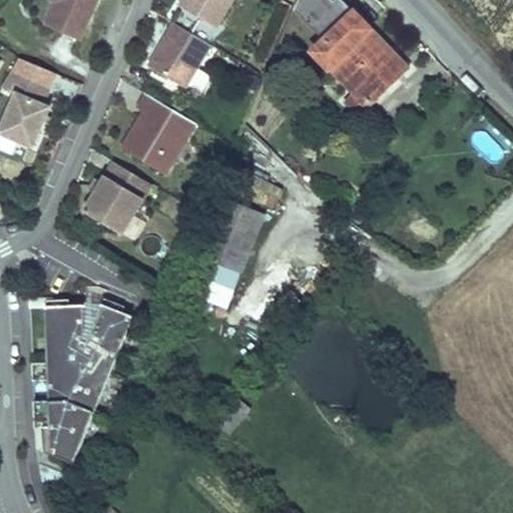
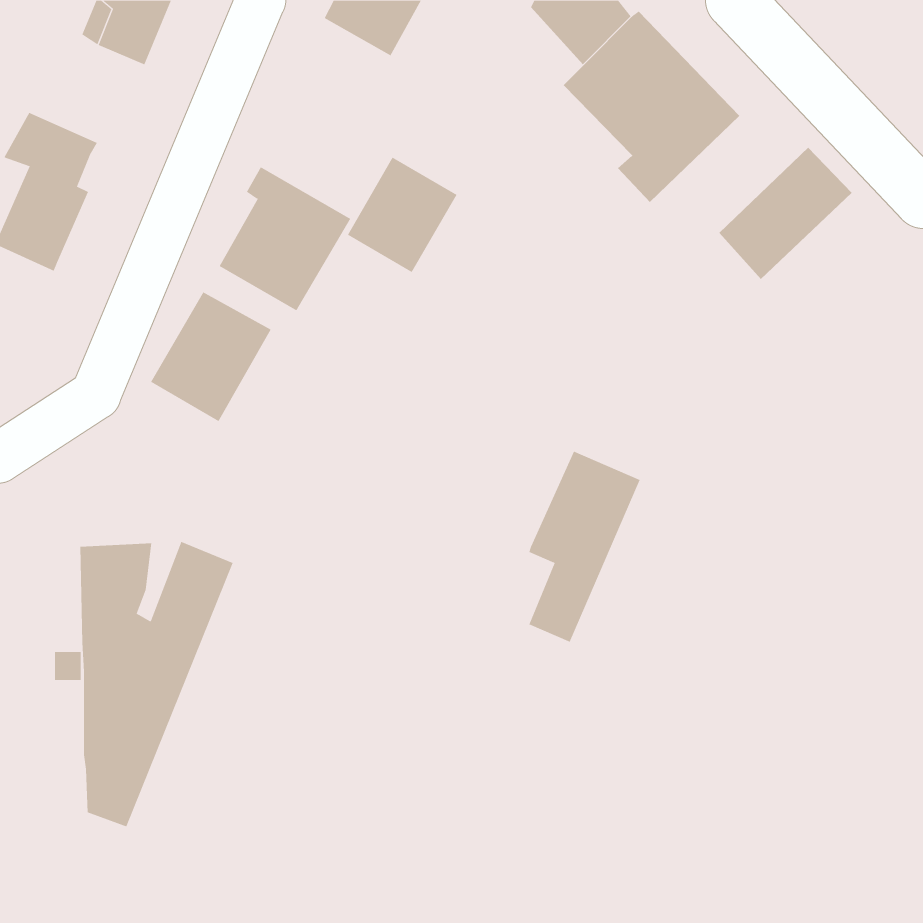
building: [147,21,208,85] -> [347,157,457,273]
building: none -> [719,147,853,280]
building: [204,204,267,311] -> [528,451,641,643]

